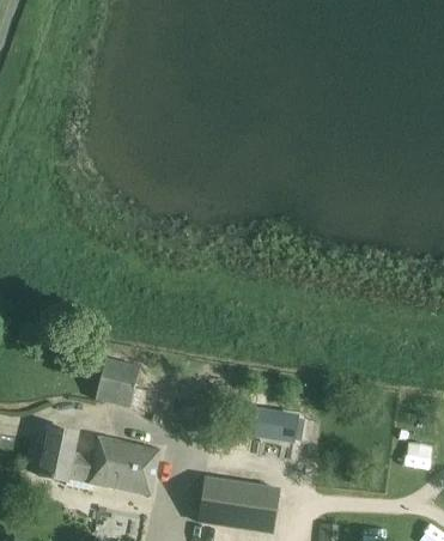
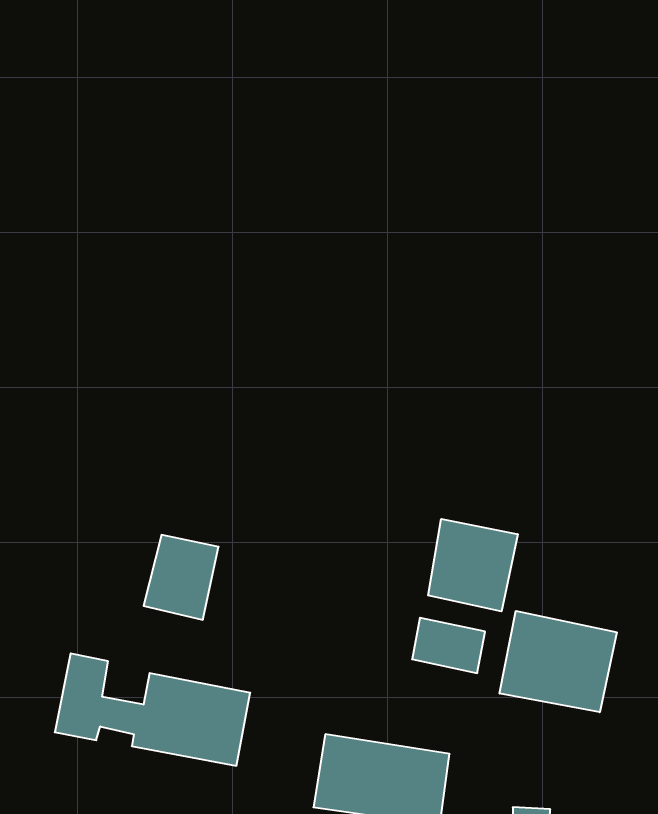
building: none -> [428,519,518,611]
building: none -> [500,611,617,712]

